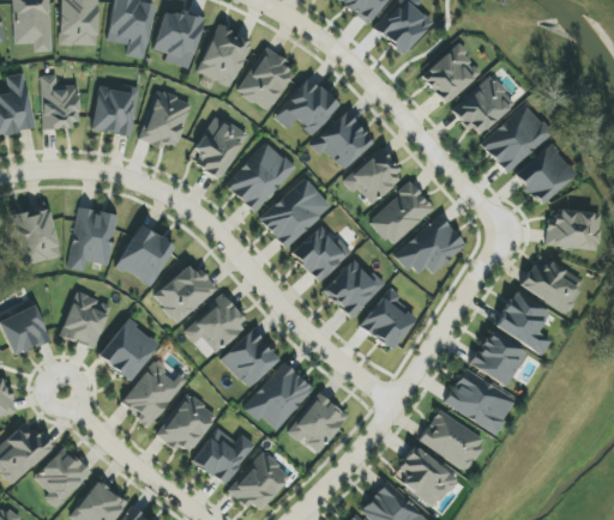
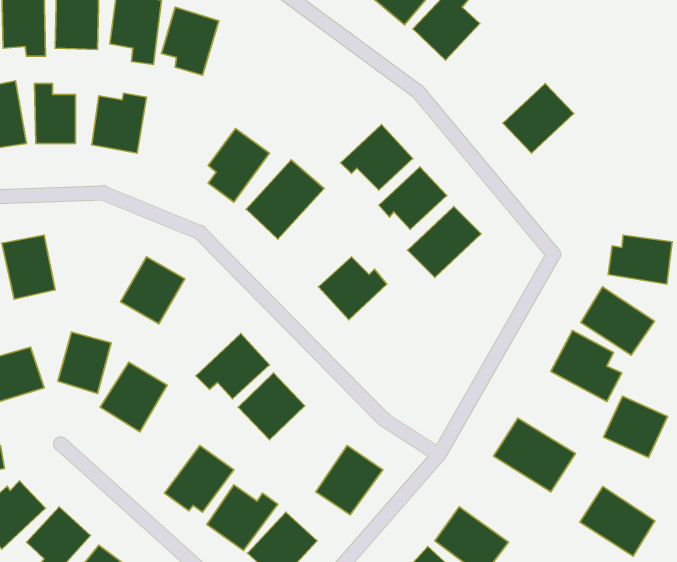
building: [197,25,249,85] -> none
building: [420,43,481,102] -> none
building: [236,46,291,110] -> none
building: [272,77,338,134] -> none
building: [138,89,191,150] -> none
building: [478,103,550,170] -> none
building: [513,143,576,205] -> none
building: [258,176,330,246] -> none
building: [67,206,116,270] -> none
building: [395,214,465,276] -> none
building: [323,259,385,316] -> none
building: [152,262,215,322] -> none
building: [359,290,419,349] -> none
building: [470,331,526,385] -> [603,396,668,458]
building: [120,361,186,424] -> none
building: [245,362,313,431] -> none
building: [419,409,484,470] -> [580,487,655,556]

